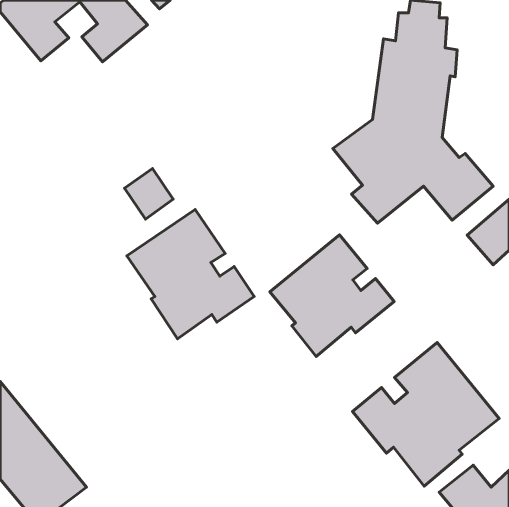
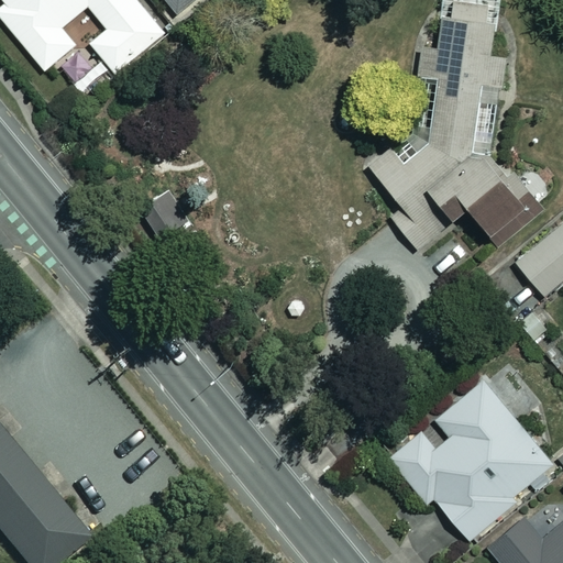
building: [127,210,254,339] -> none
building: [270,235,394,356] -> none

